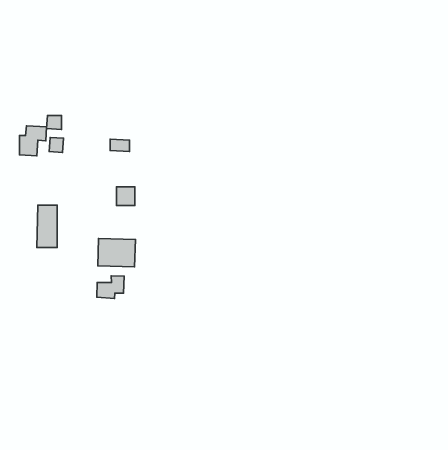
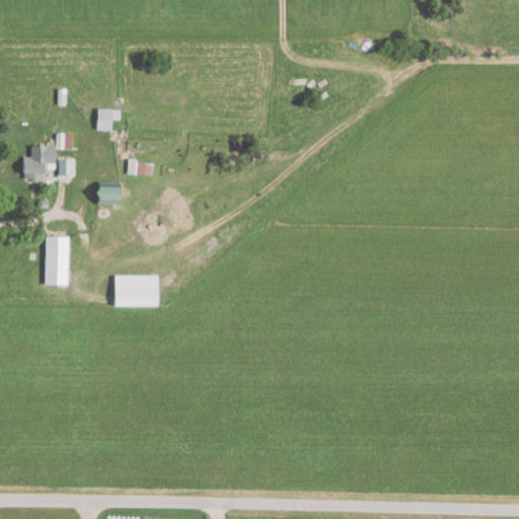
building: none -> [97,108,122,130]
building: [116,187,135,205] -> [98,182,120,204]
building: [97,276,124,298] -> none

